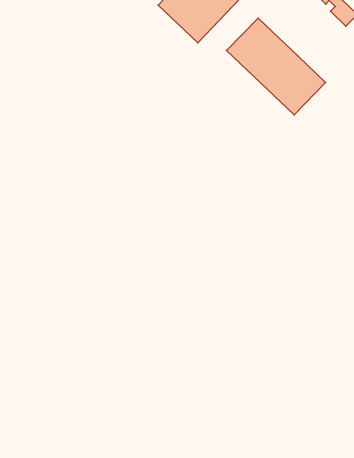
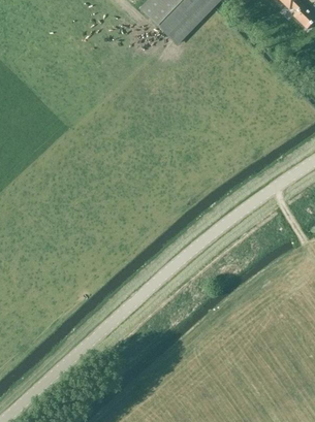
building: [227,18,326,115] -> none

